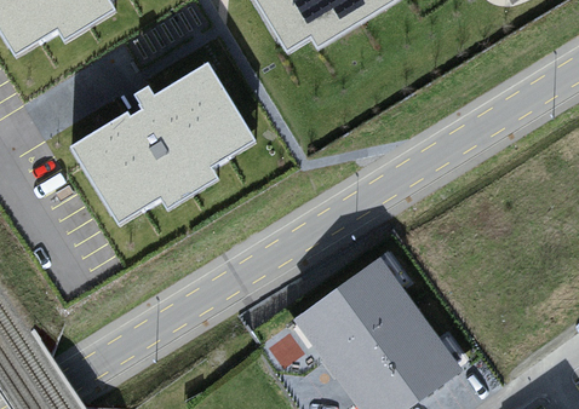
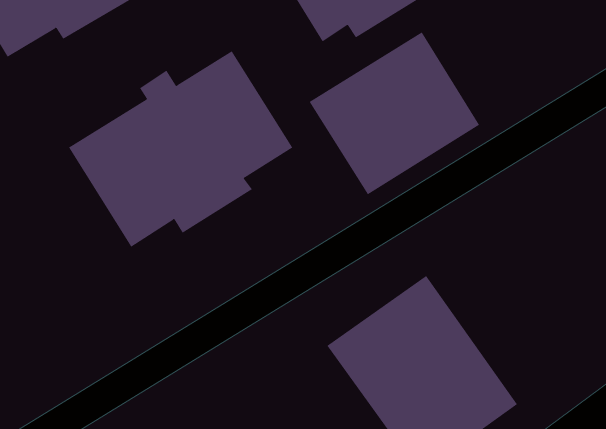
building: none -> [309,32,480,195]

